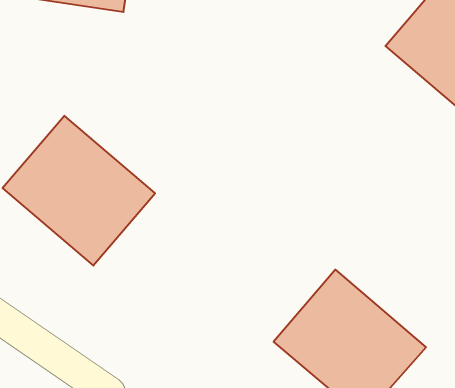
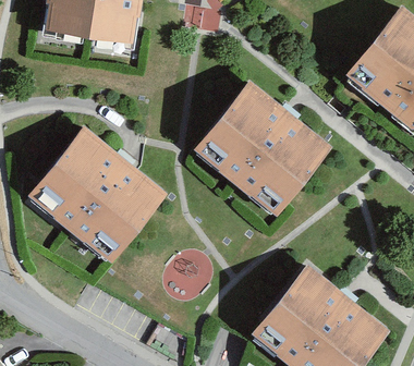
building: none -> [197,91,324,216]

